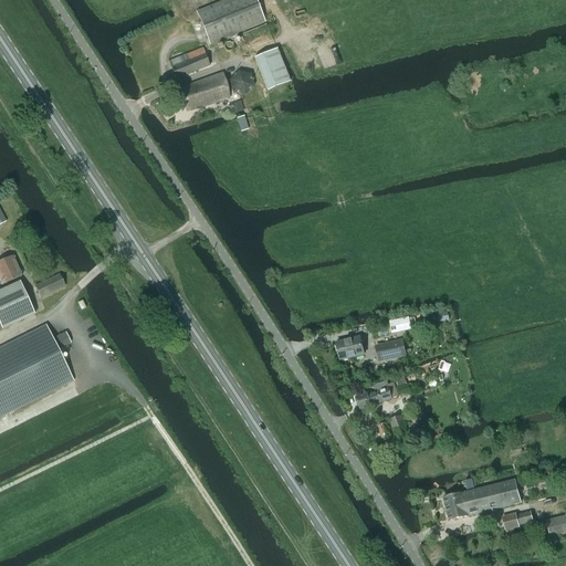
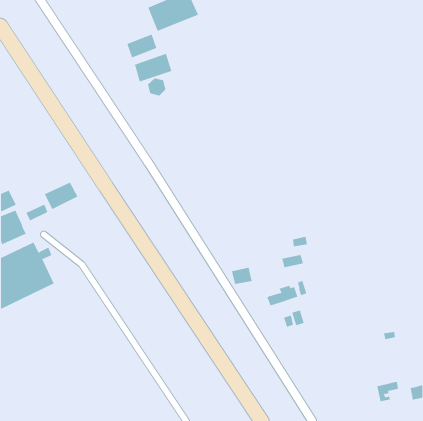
building: [254,46,290,88] -> none
building: [229,69,254,93] -> [147,78,166,96]
building: none -> [44,182,78,210]
building: [336,334,365,357] -> [231,267,253,284]
building: [443,478,521,517] -> none

